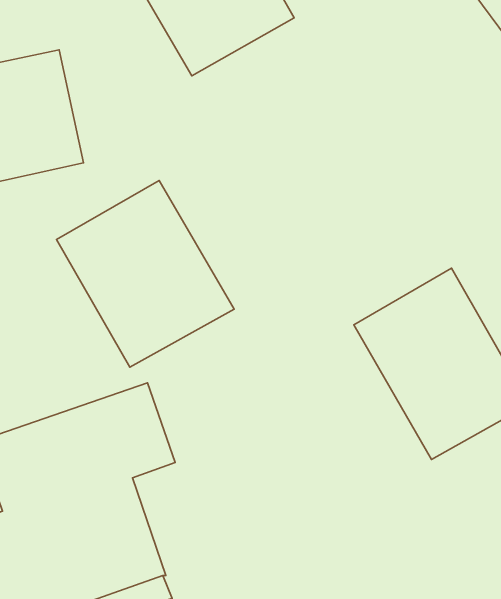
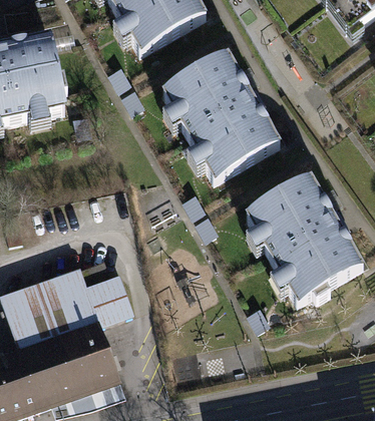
building: none -> [163,52,280,178]
building: [57,181,234,367] -> none

